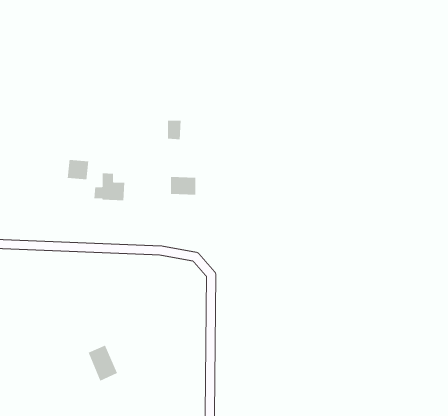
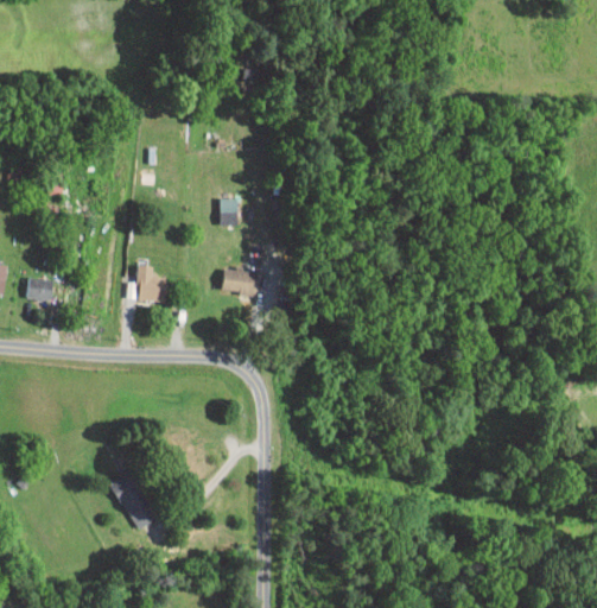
building: [67,159,89,180] -> none
building: none -> [26,277,55,302]

